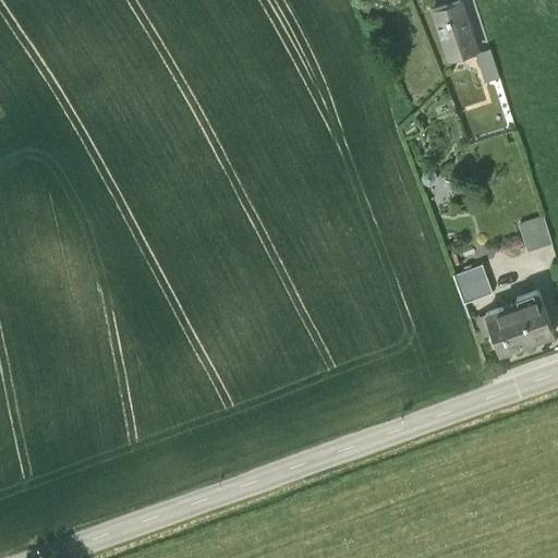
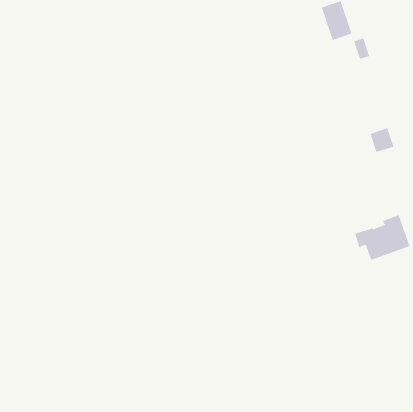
building: [519,217,553,252] -> [369,127,394,153]
building: [452,265,493,304] -> none

